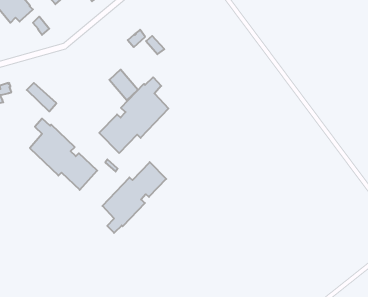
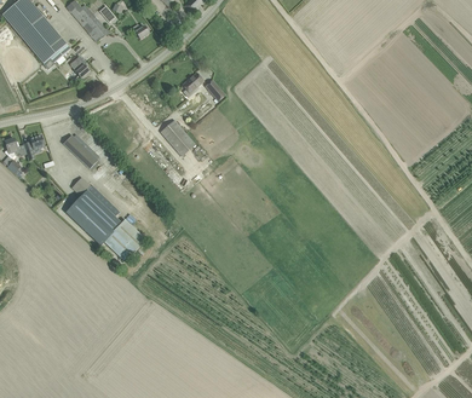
building: [99,77,168,153] -> none
building: [102,162,166,233] -> none

